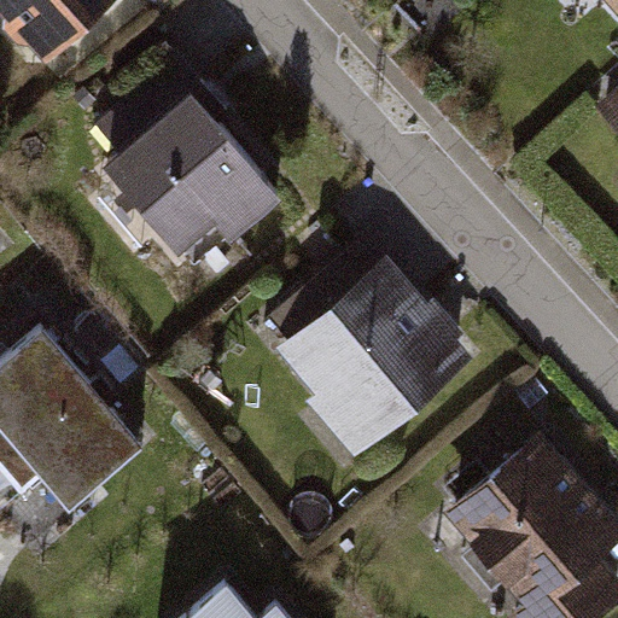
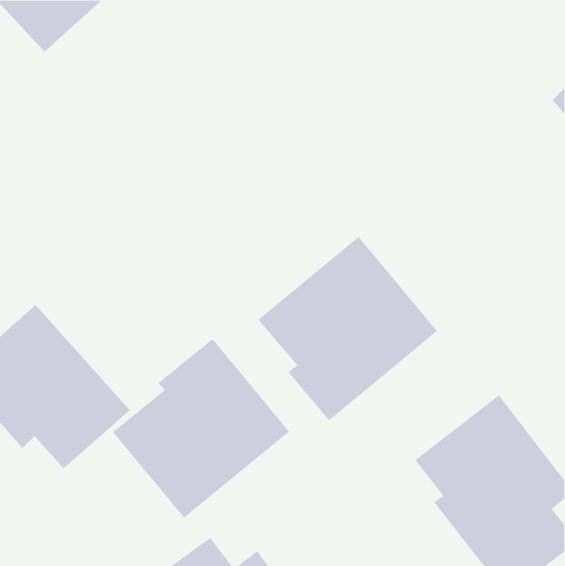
building: [100,86,284,255] -> none
building: none -> [112,338,290,519]

